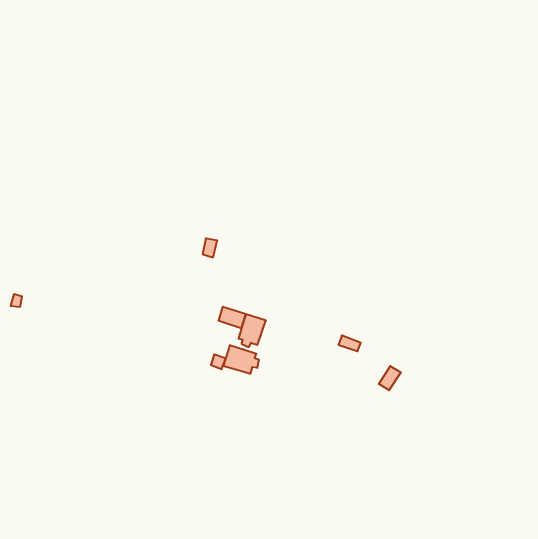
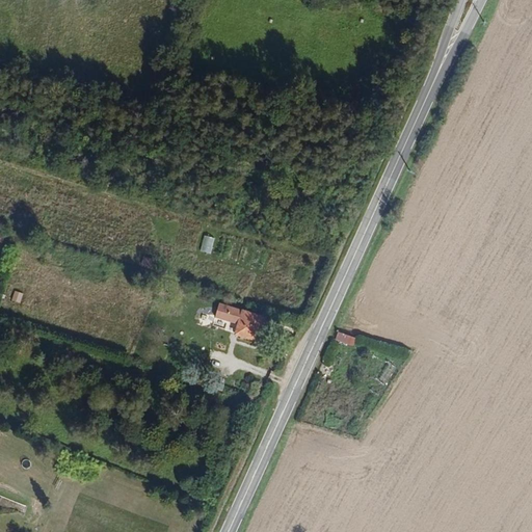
building: [223,345,259,374] -> none

